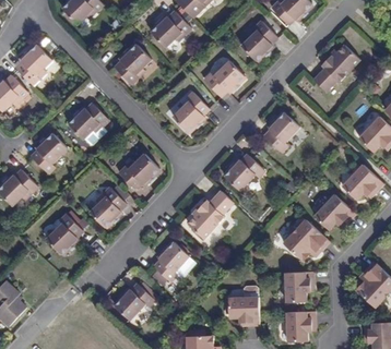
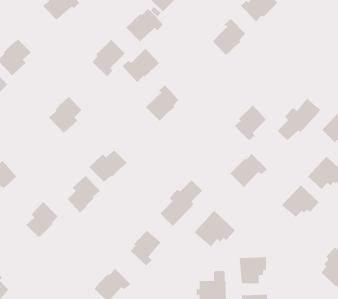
building: [312,45,359,91] -> [277,98,321,141]
building: [204,60,245,97] -> [122,48,160,83]
building: [31,134,67,172] -> none
building: [225,153,265,190] -> [230,153,268,188]
building: [285,221,330,261] -> [194,210,236,247]

